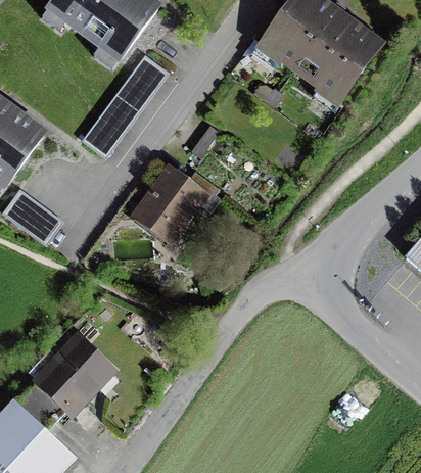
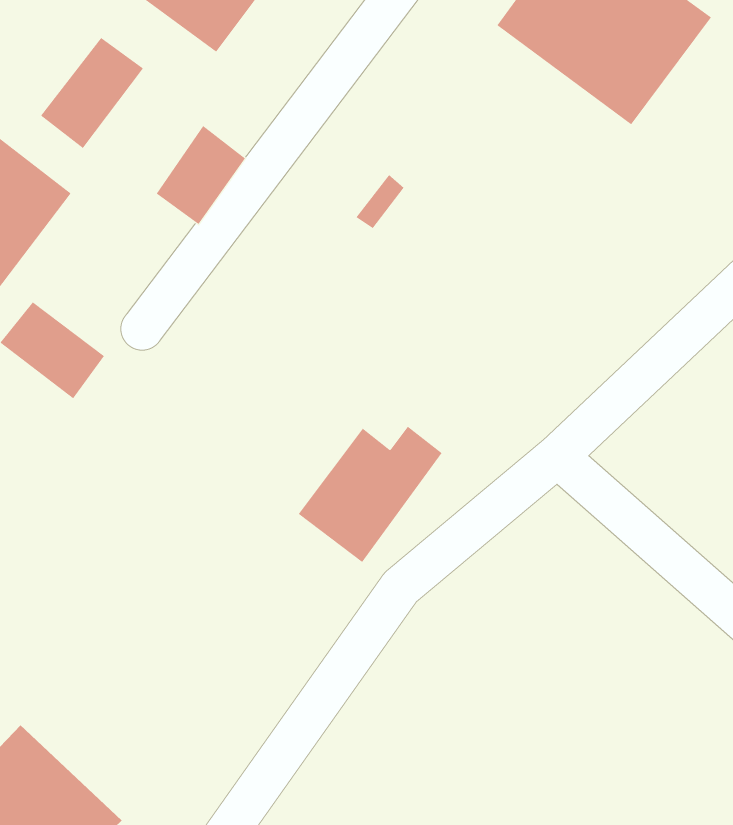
building: [111,57,166,115] -> [40,37,144,149]
building: [135,167,211,238] -> [298,426,443,563]
building: [41,339,114,414] -> none

